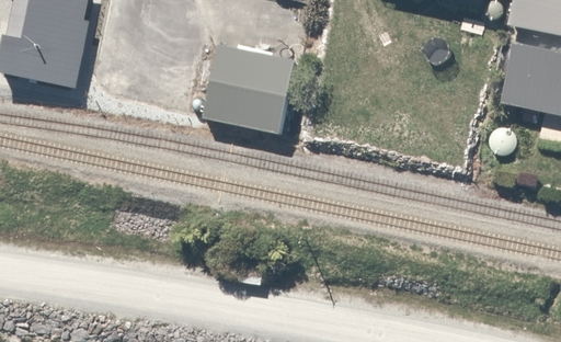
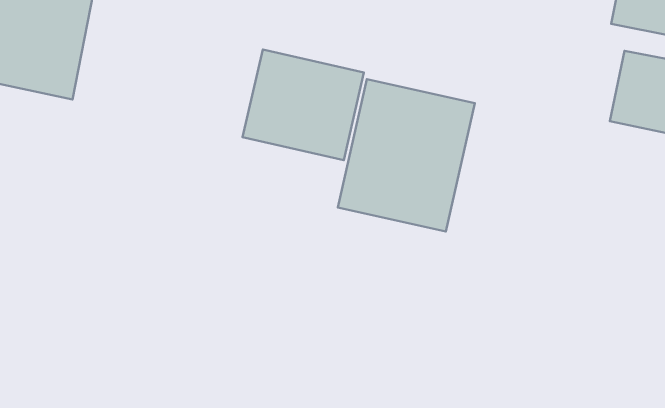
building: none -> [338,79,475,232]

